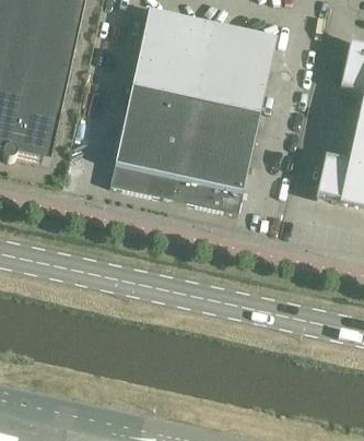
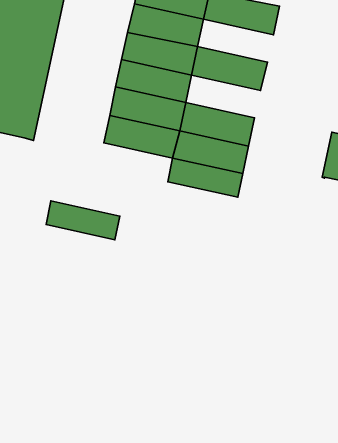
building: [201,48,271,87] -> none
building: [190,99,259,139] -> none
building: [110,162,178,198] -> [46,201,120,240]

